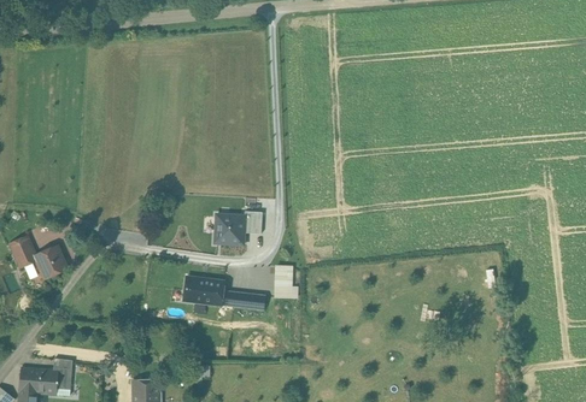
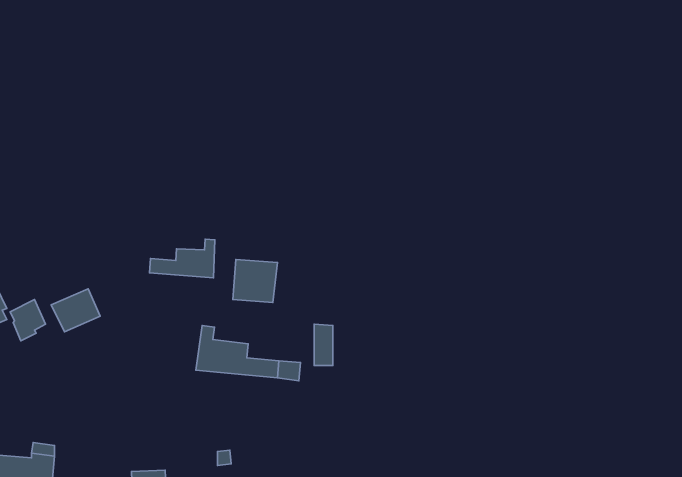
building: none -> [149,239,215,278]
building: none -> [51,289,100,332]

